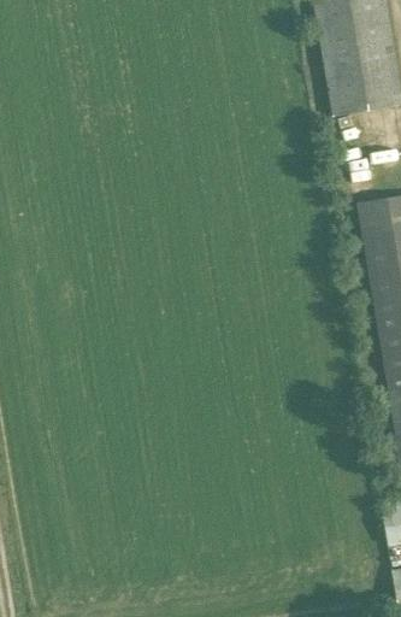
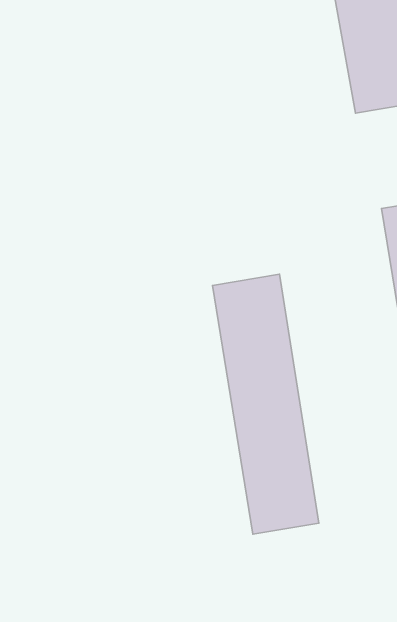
building: none -> [212,274,319,534]

